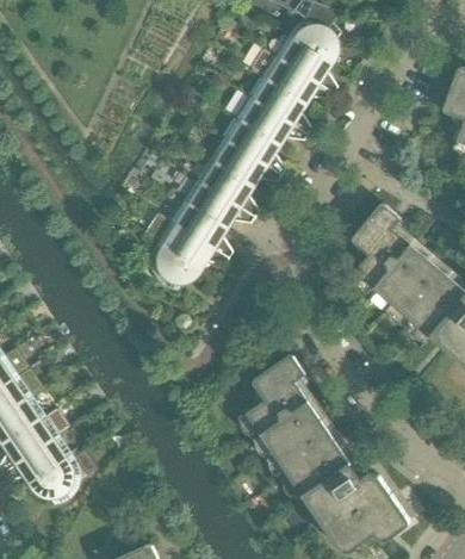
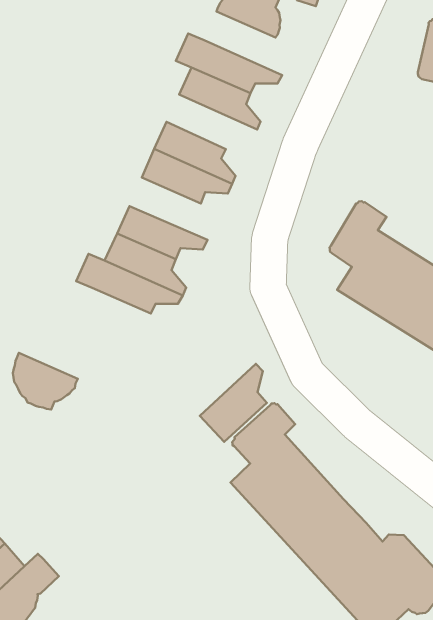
building: [275,35,337,93] -> none
building: [236,97,308,145] -> none
building: [197,159,259,216] -> none
building: [150,241,202,290] -> [13,353,78,410]
building: none -> [200,364,267,442]

